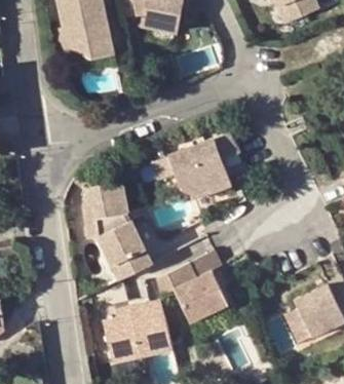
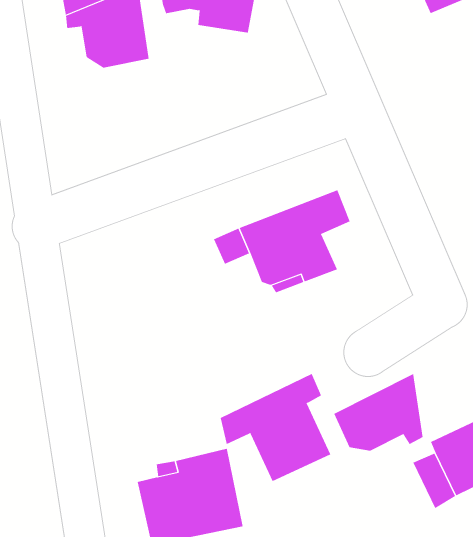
building: [82,185,151,278] -> none
building: none -> [333,373,423,451]

